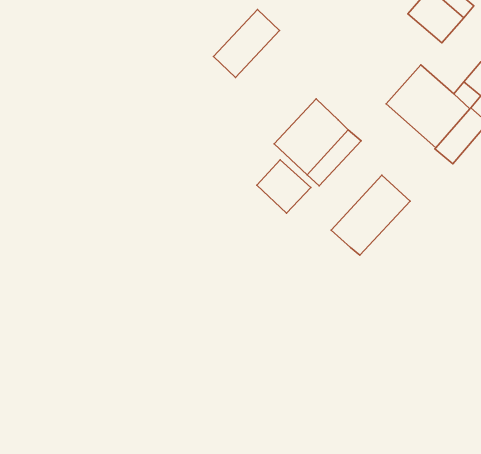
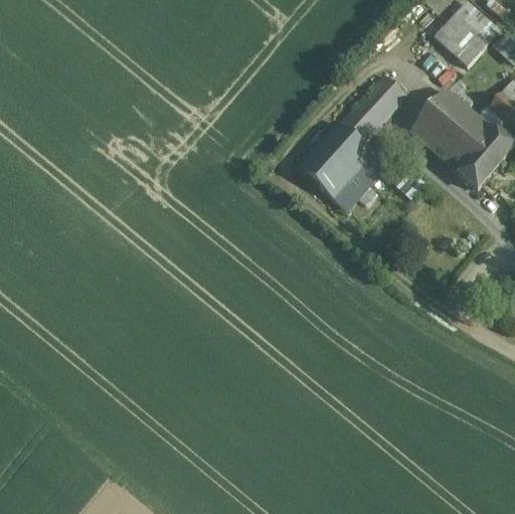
building: [214,10,280,77] -> [340,74,406,143]
building: [257,160,311,213] -> none
building: [331,175,410,255] -> none

